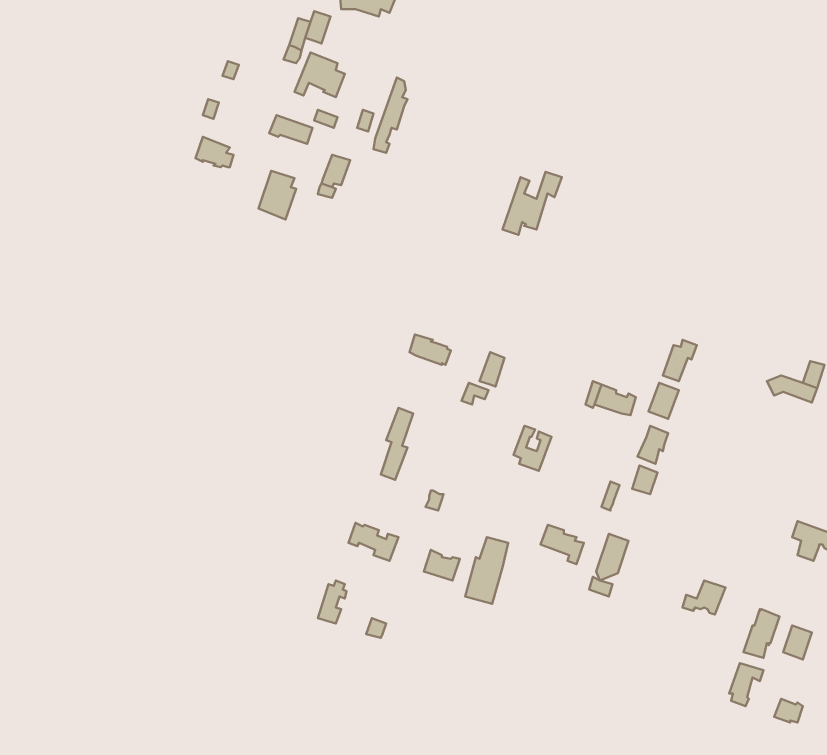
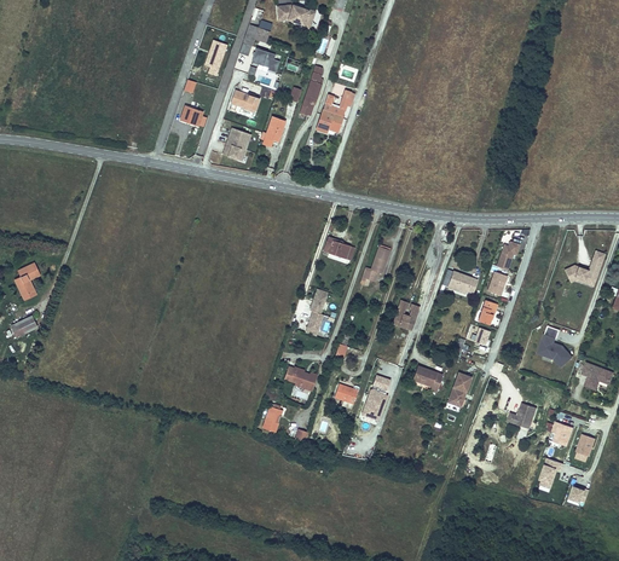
building: [502,172,562,235] -> [316,91,355,133]
building: none -> [538,325,572,366]

